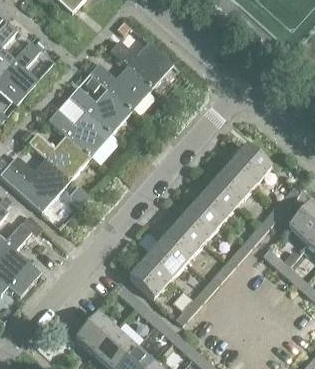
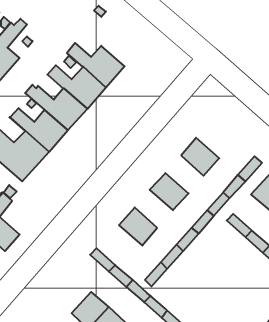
building: [110,39,173,87] -> none
building: [229,145,271,186] -> none
building: [196,183,237,224] -> none
building: [163,220,204,261] -> none
building: [129,258,171,299] -> none
building: [75,312,116,353] -> none

